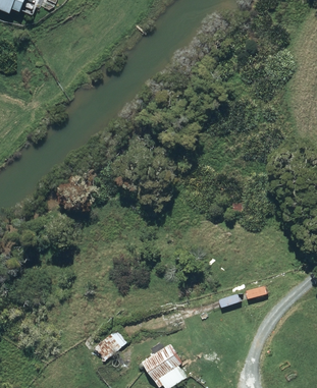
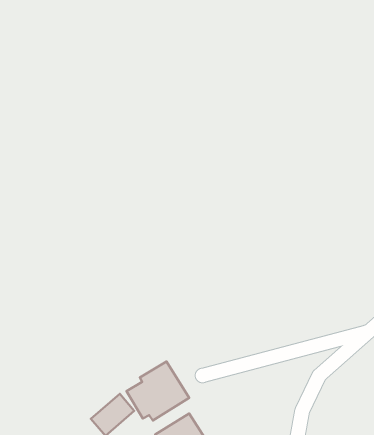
building: none -> [127,361,189,420]

